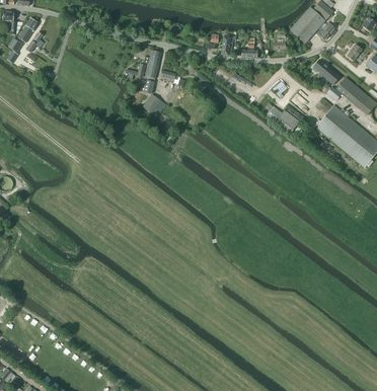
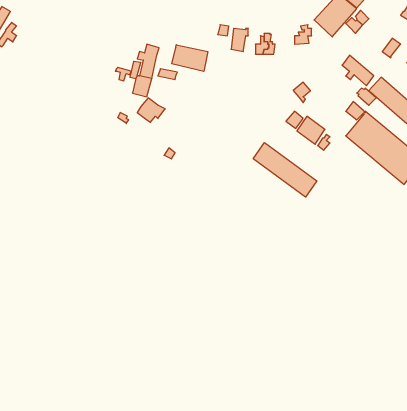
building: none -> [172,45,208,71]
building: none -> [253,143,317,197]

